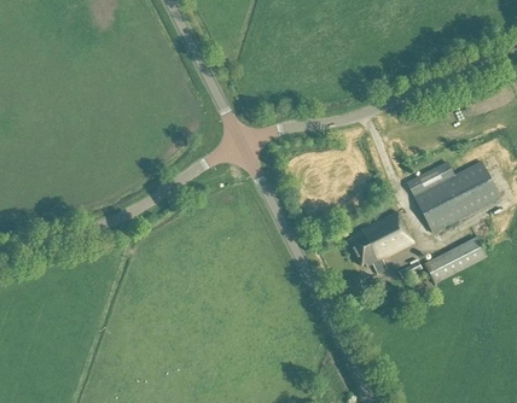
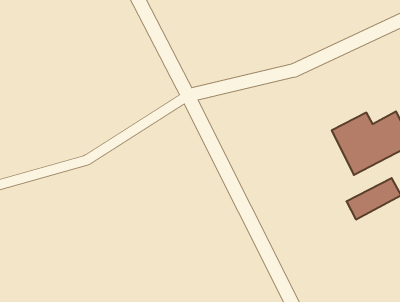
building: [348,212,413,275] -> none

